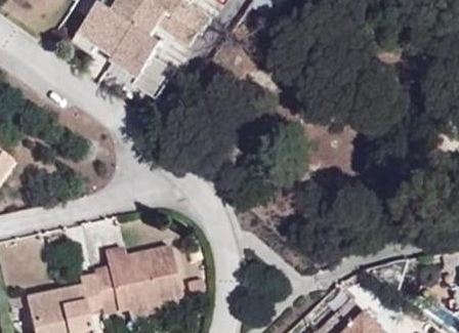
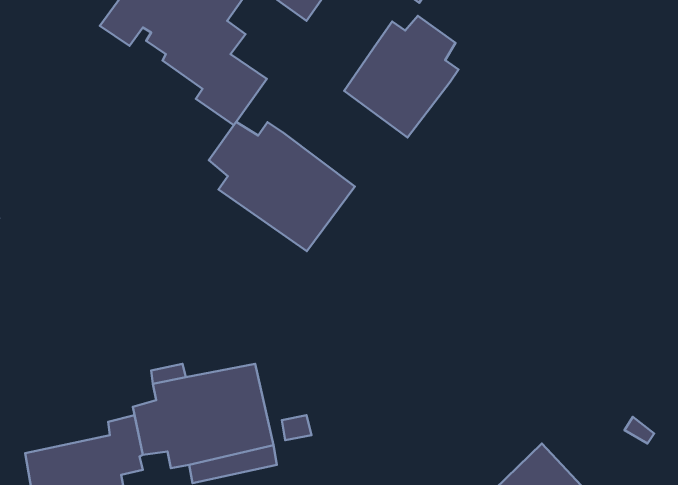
building: none -> [344,16,458,137]
building: none -> [209,122,355,251]

